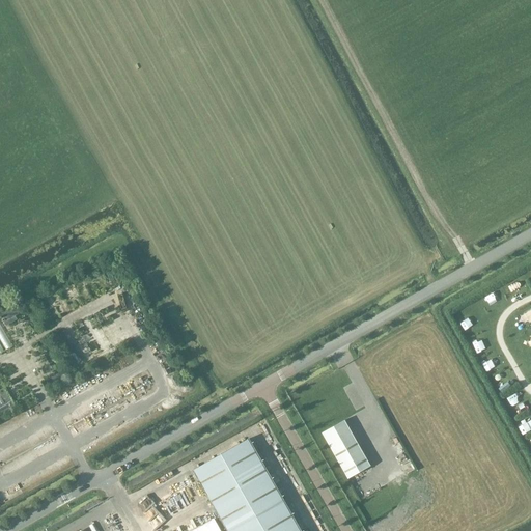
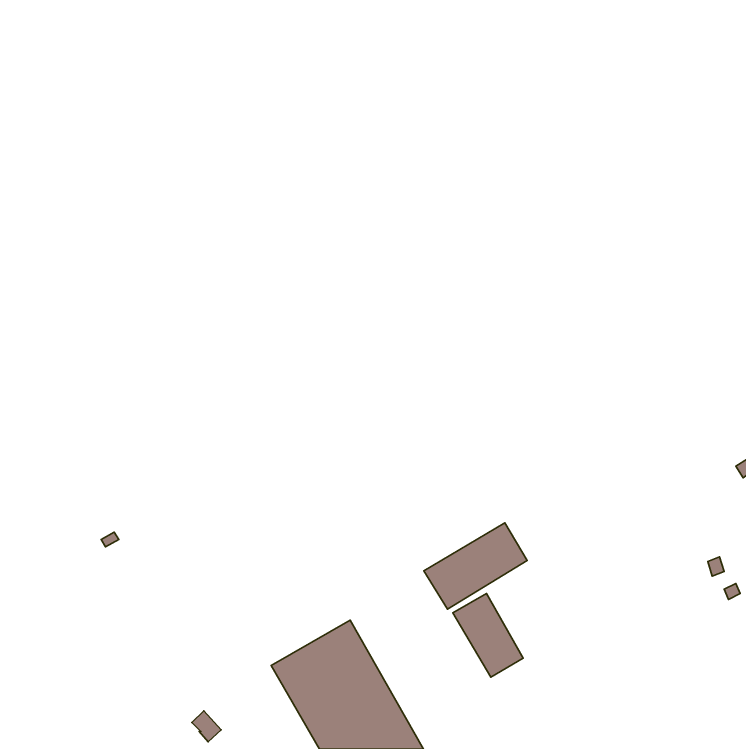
building: none -> [424,523,527,609]

